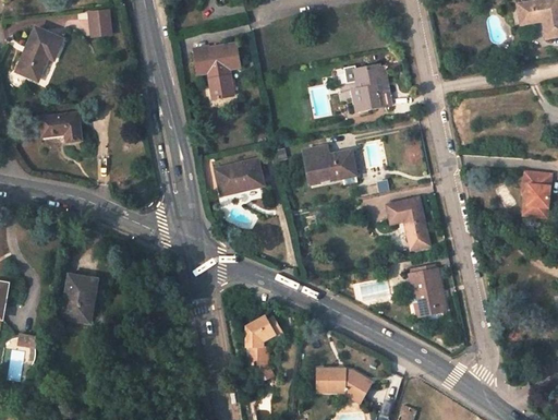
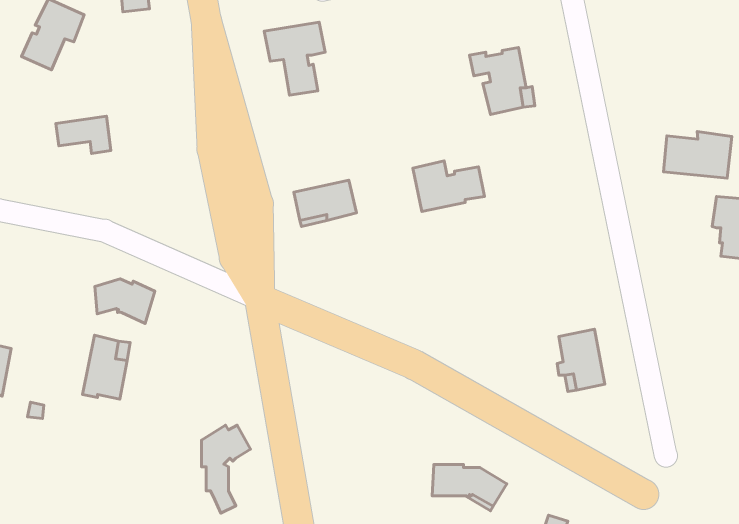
building: none -> [664,132,732,178]
building: [387,197,428,248] -> none
building: none -> [95,279,155,324]
building: [247,315,283,380] -> [202,425,251,513]

